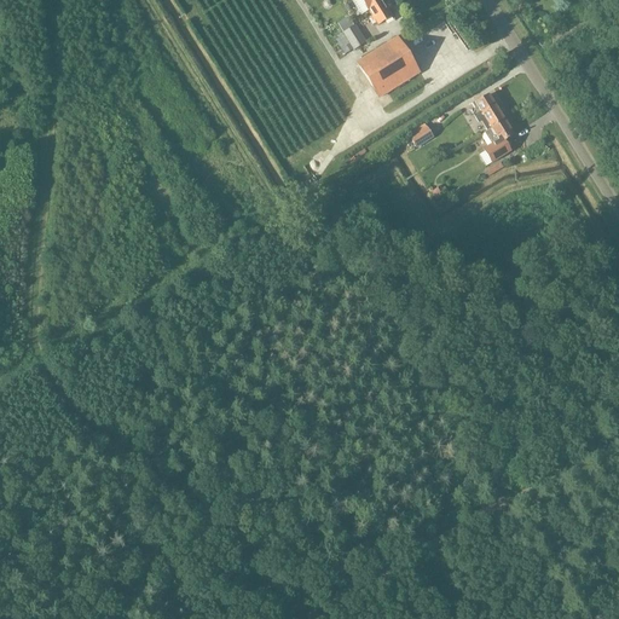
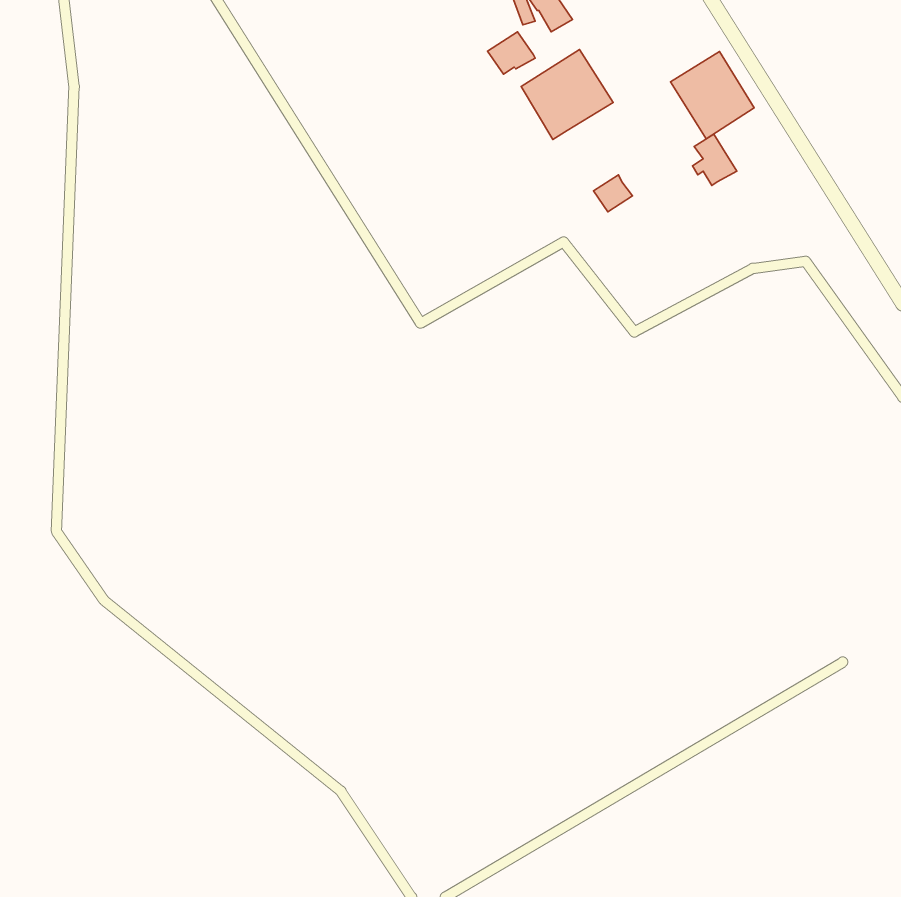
building: none -> [670,52,754,139]
building: [484,117,515,160] -> none

